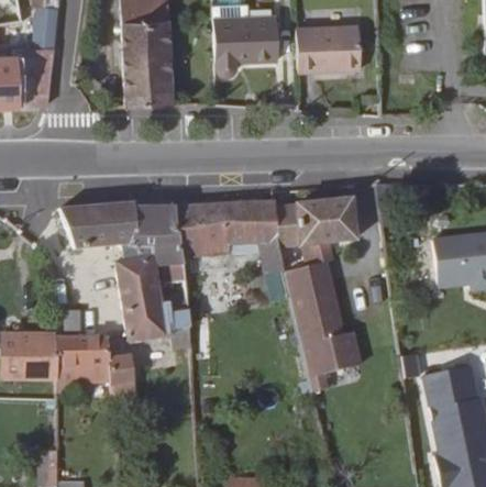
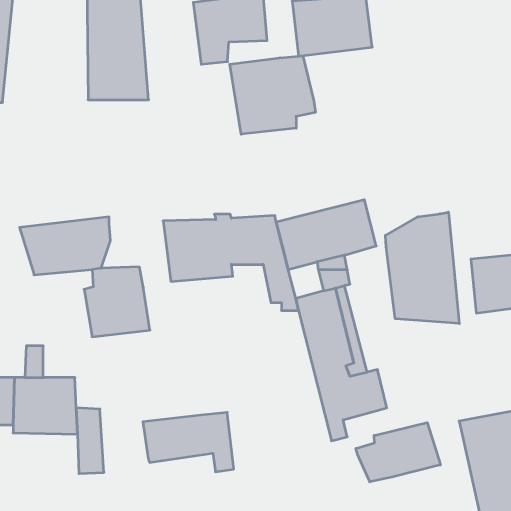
building: none -> [230,56,315,134]
building: none -> [385,212,459,324]
building: [128,206,186,262] -> none
building: [120,295,196,344] -> [143,412,234,472]
building: none -> [356,423,440,482]

